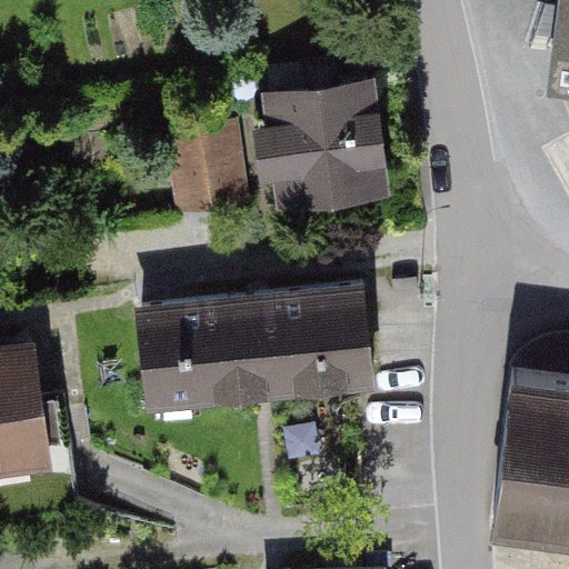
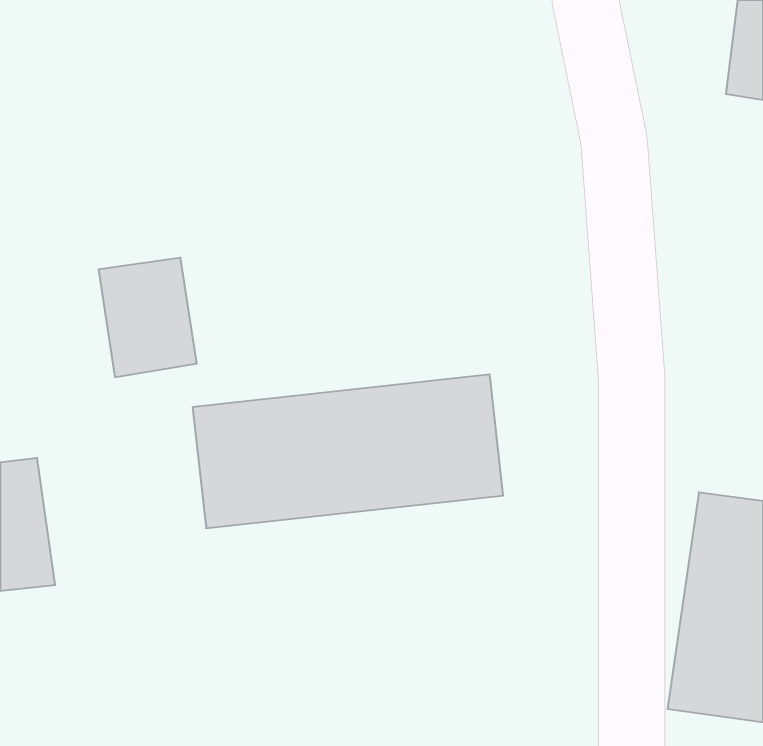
building: [274,67,382,202] -> none
building: [173,129,247,218] -> [98,258,197,377]

